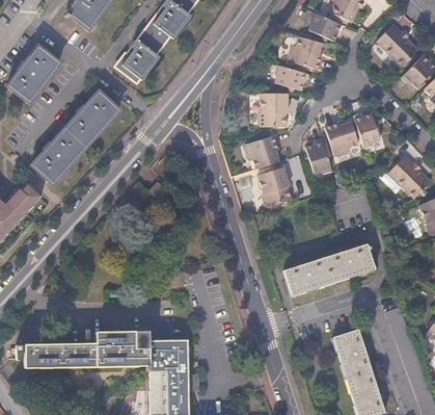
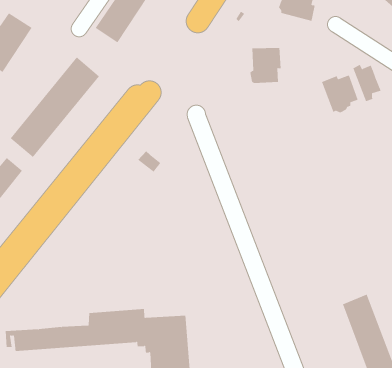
building: [276,63,311,89] -> none
building: [243,134,278,168] -> none
building: [305,138,333,173] -> none
building: [257,167,291,207] -> none
building: [283,243,375,295] -> none

